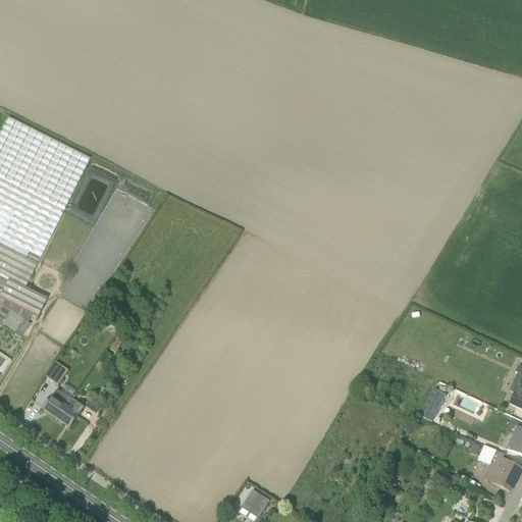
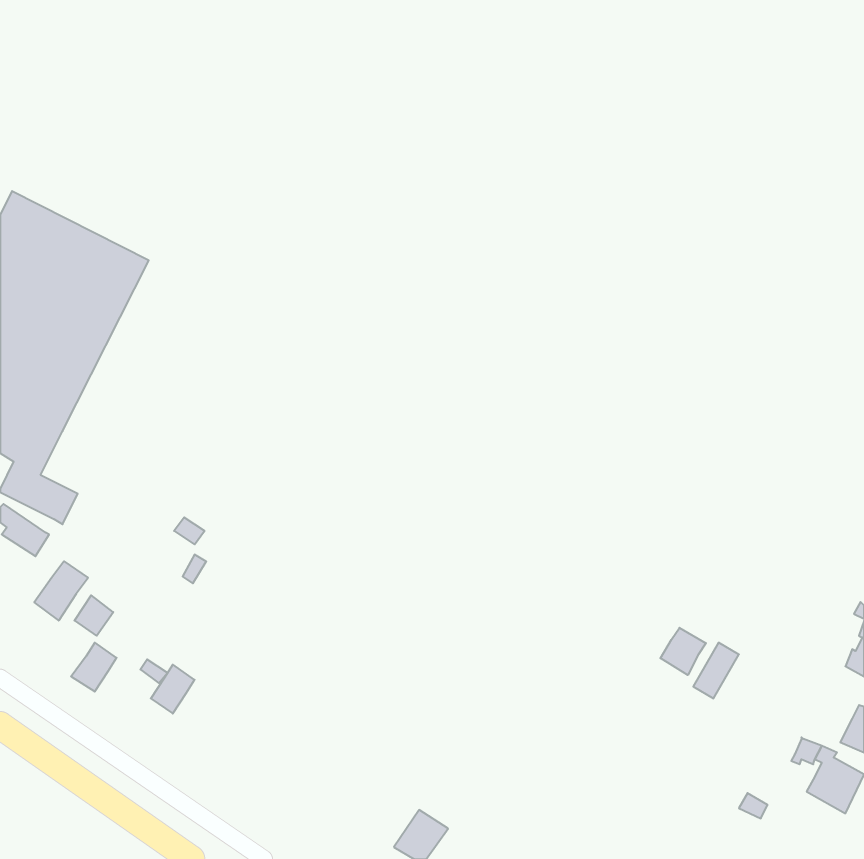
building: none -> [34,561,88,621]
building: none -> [660,628,706,675]
building: [57,397,84,426] -> [151,665,195,714]

